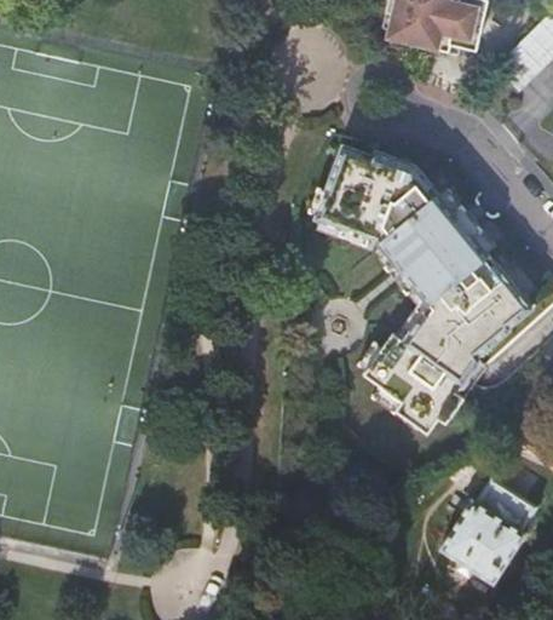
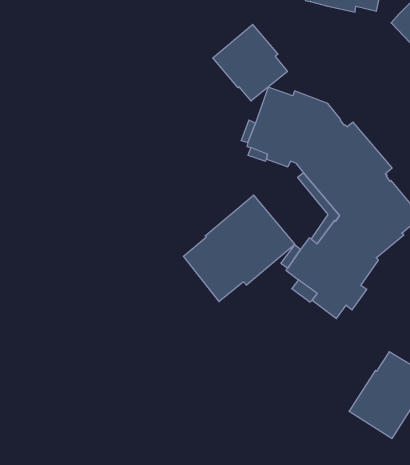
building: none -> [213,24,287,101]
building: none -> [183,195,295,302]

